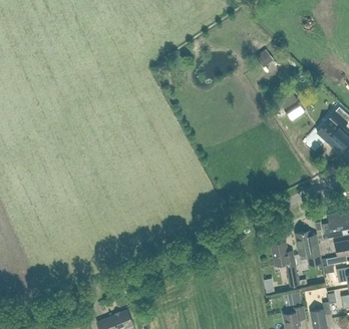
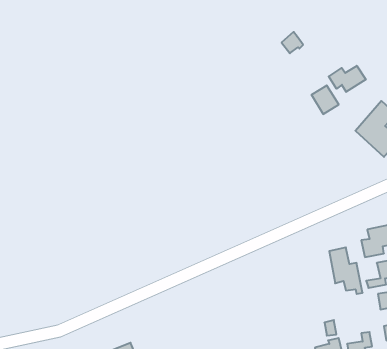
building: none -> [329,66,366,92]
building: [271,242,299,287] -> none

